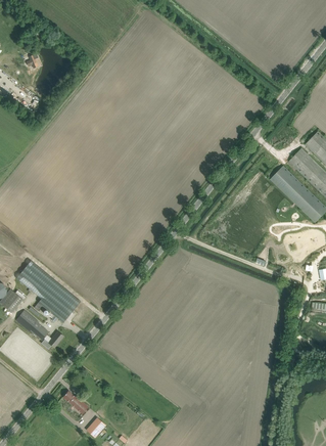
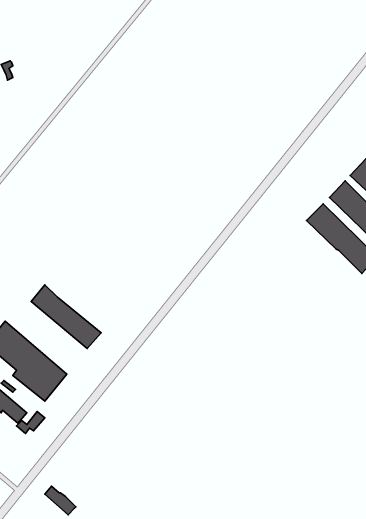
building: none -> [31,285,101,348]

